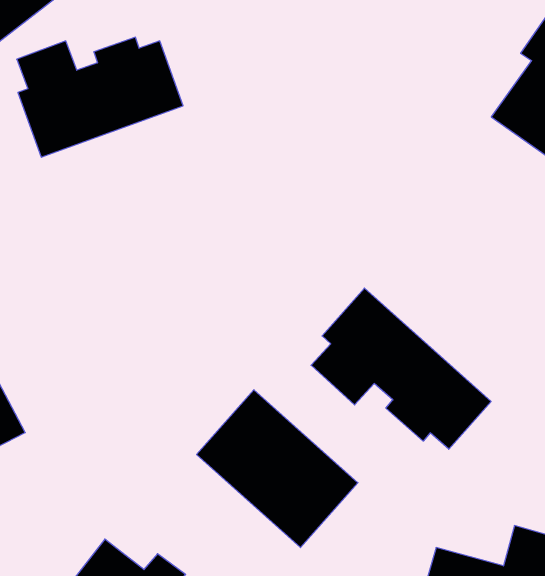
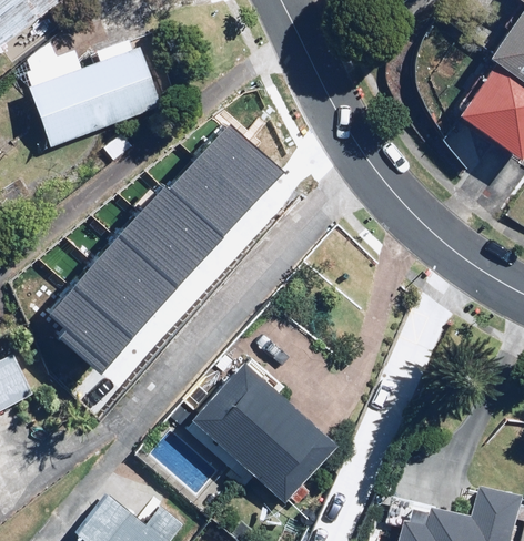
building: none -> [41,123,264,368]
building: [311,288,491,449] -> none

